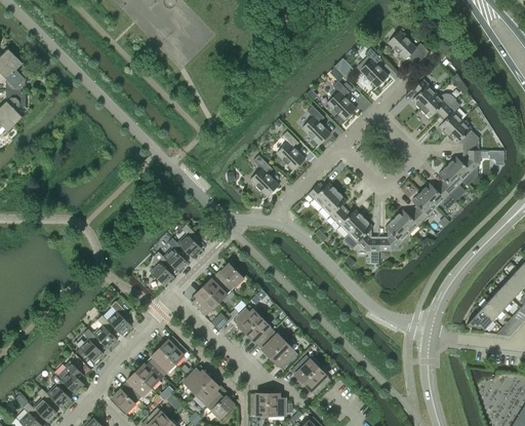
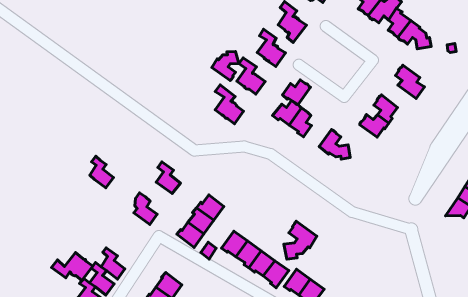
building: none -> [212,52,239,81]
building: [447,151,479,186] -> none
building: [420,184,455,210] -> none
building: [334,209,364,234] -> [282,80,310,104]
building: [378,219,409,250] -> none
building: [164,238,188,272] -> [90,156,113,188]
building: none -> [52,253,93,280]
building: none -> [284,221,317,259]

